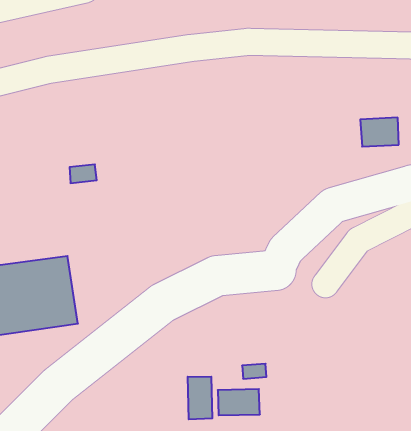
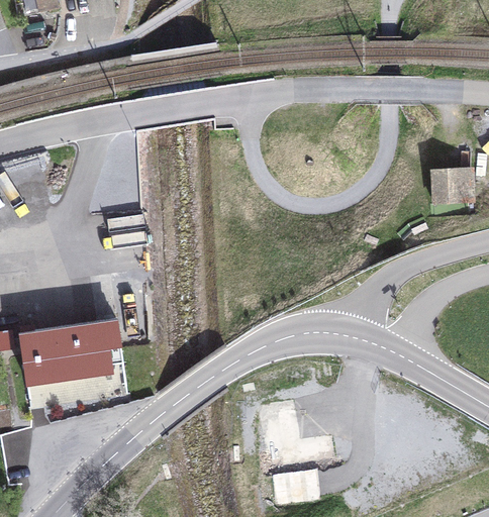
building: [188,377,212,419] -> none

